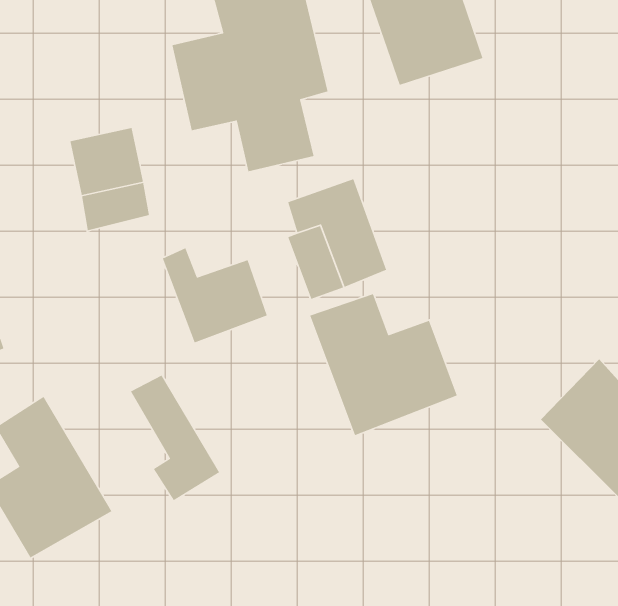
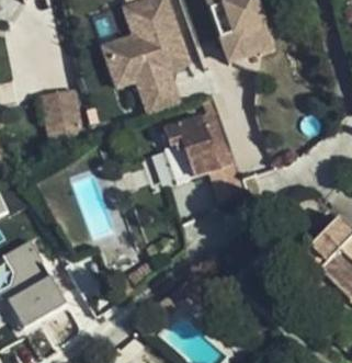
building: [162,247,268,343] -> none
building: [309,293,458,436] -> none
building: [130,375,220,501] -> none

